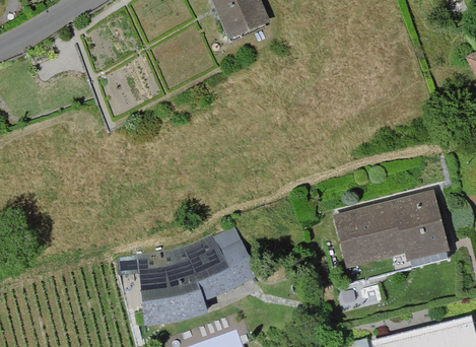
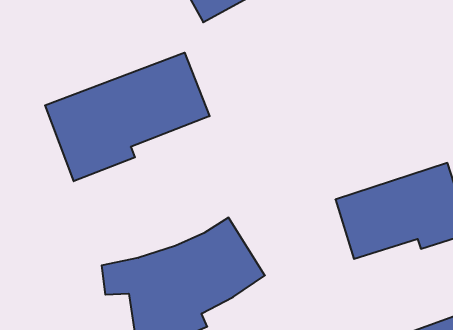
building: none -> [45,53,210,181]

